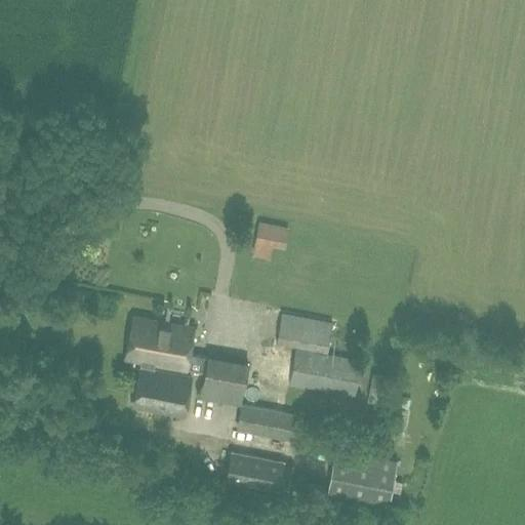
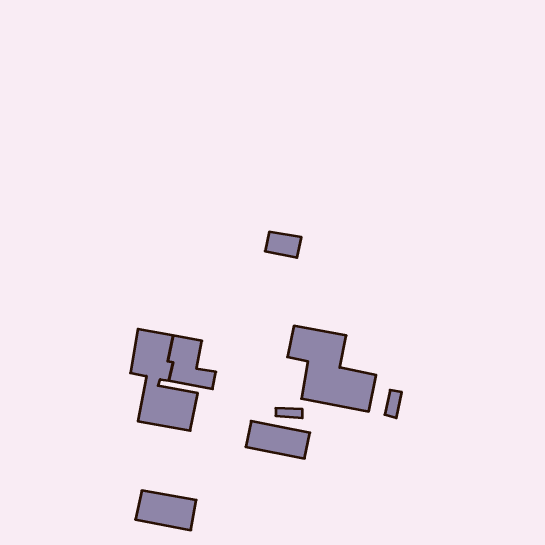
building: [201,357,248,405] -> none
building: [326,450,398,513] -> none
building: [226,453,284,491] -> [135,491,196,530]

